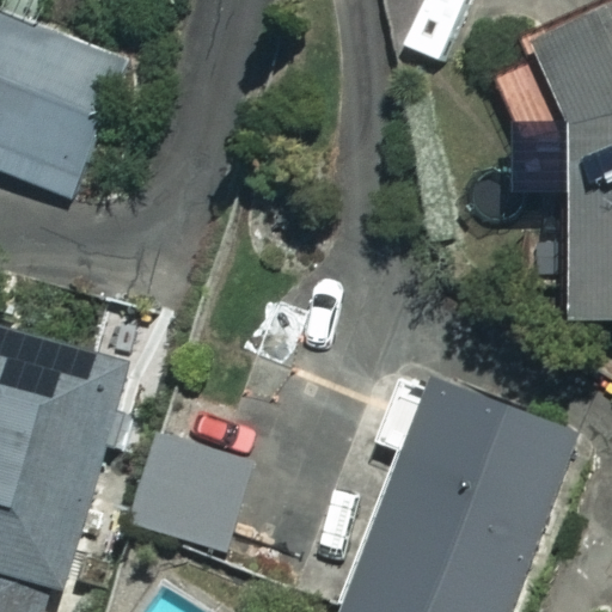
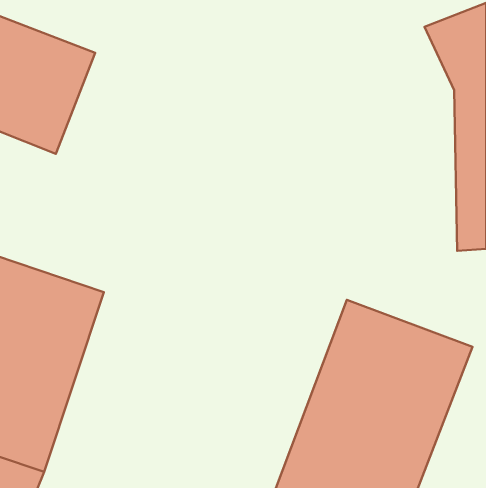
building: [130,432,252,551] -> none

